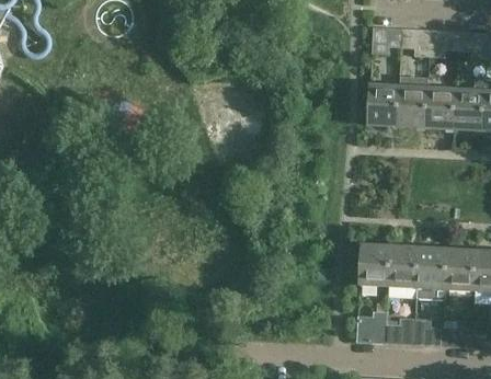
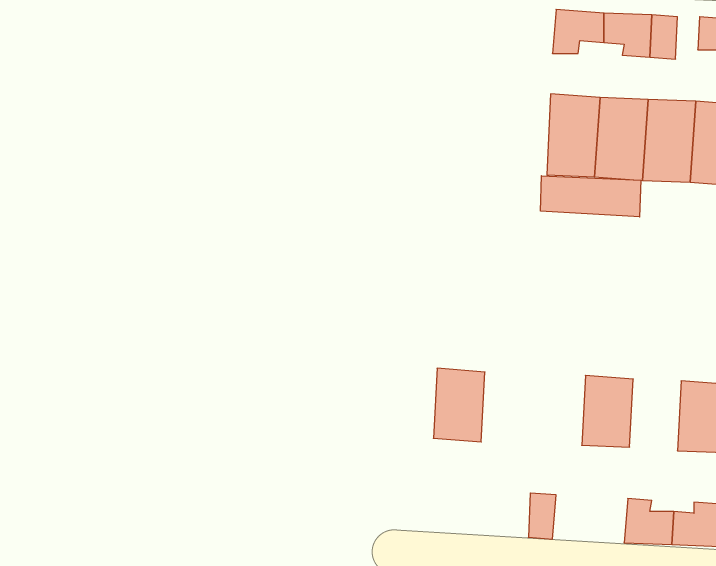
building: none -> [541,176,641,217]
building: [359,242,390,286] -> [433,368,485,442]
building: [416,246,447,297] -> none
building: [386,315,415,344] -> none

